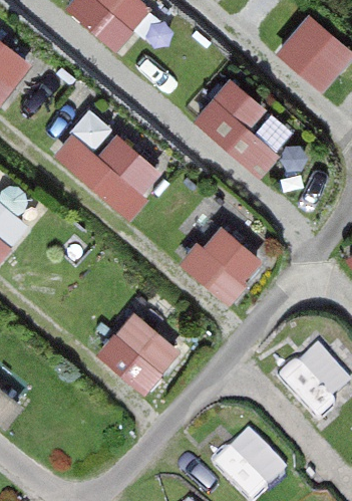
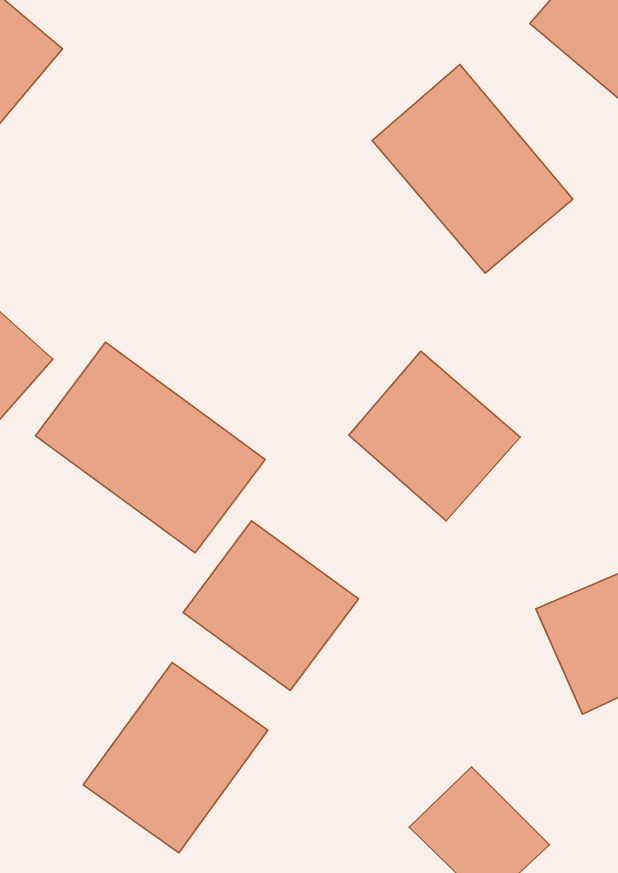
building: [49,111,167,220] -> [35,342,265,553]
building: none -> [83,662,268,853]

